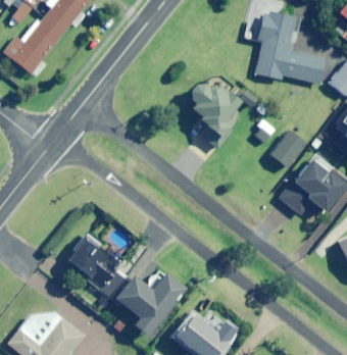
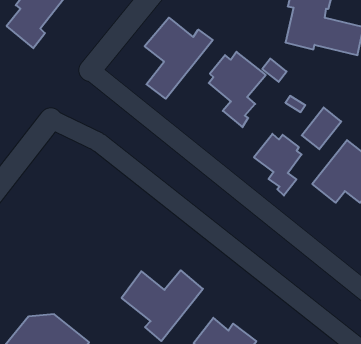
building: none -> [145,18,213,99]
building: none -> [254,134,302,196]
building: [68,237,120,287] -> none

